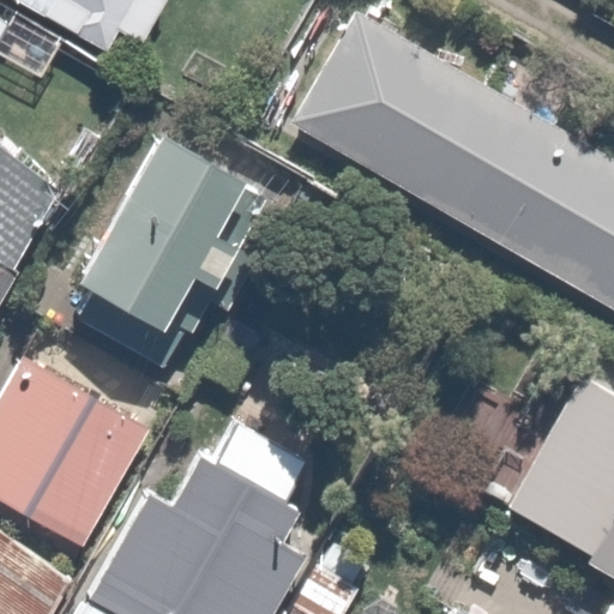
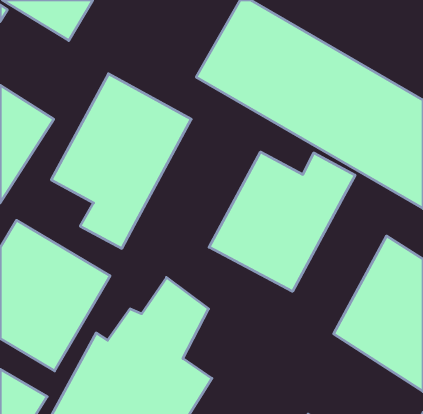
building: none -> [209,152,355,291]

